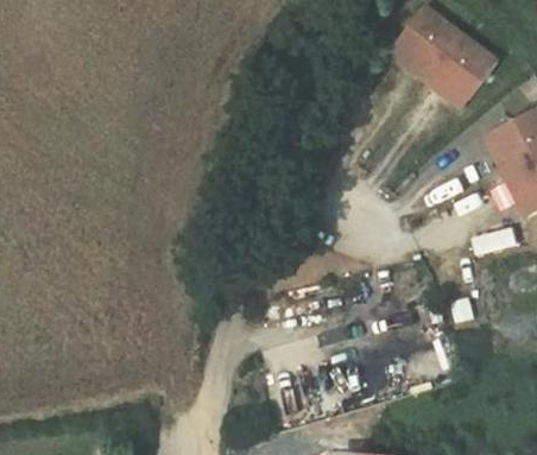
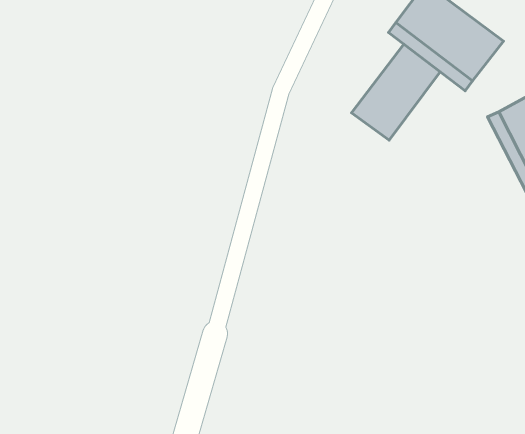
building: none -> [352,44,440,140]

